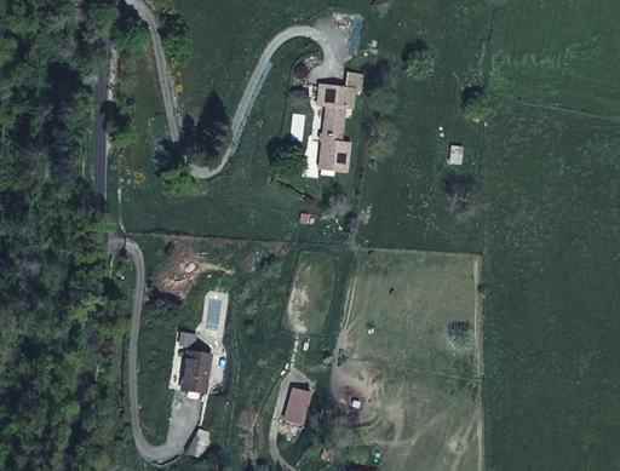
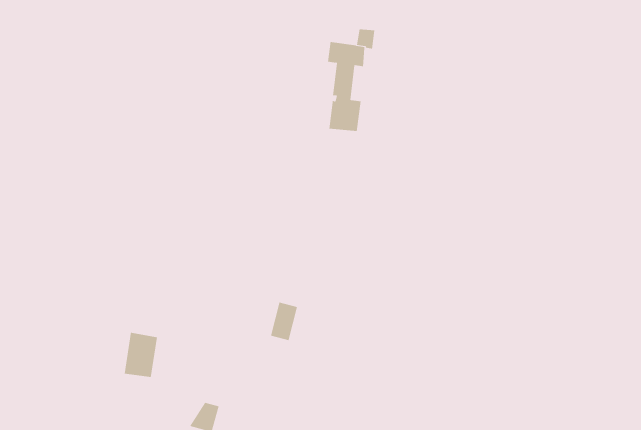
building: [179,350,212,394] -> [124,332,158,378]
building: [285,387,311,425] -> [270,302,298,341]

